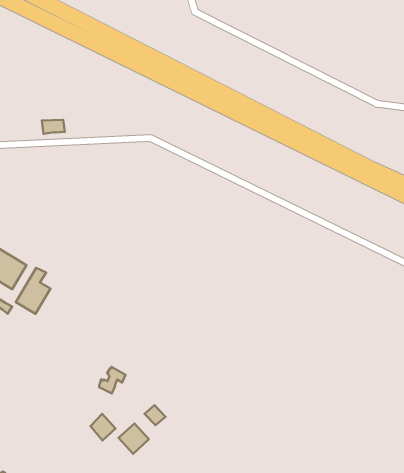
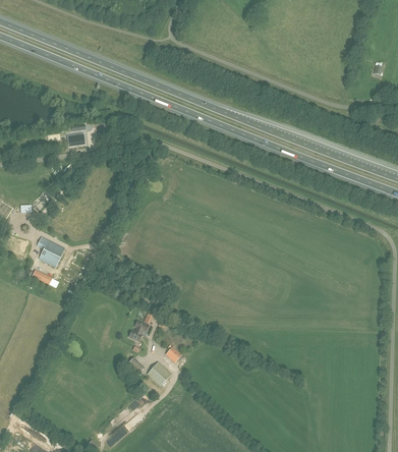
building: [16,268,51,314] -> none

